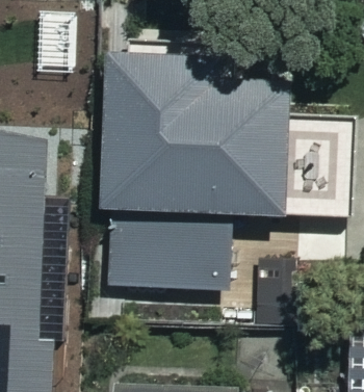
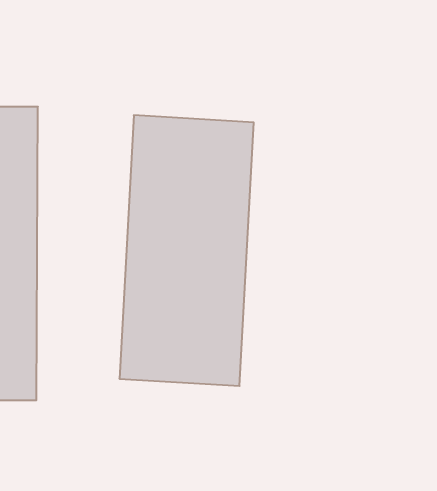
building: [251,134,340,218] -> none

